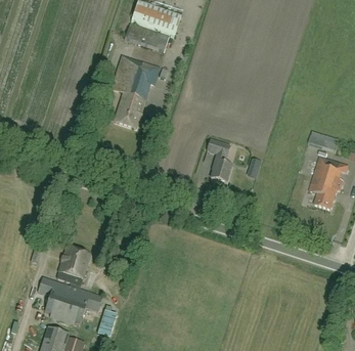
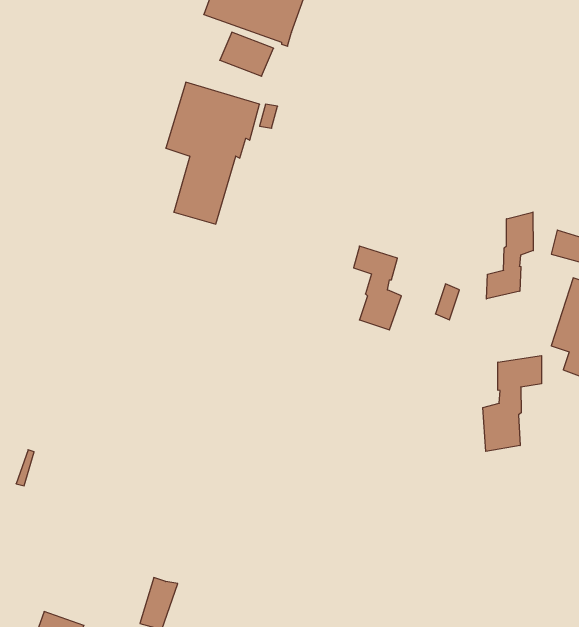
building: none -> [486,212,533,299]
building: none -> [483,356,541,451]
building: [38,248,102,323] -> none

